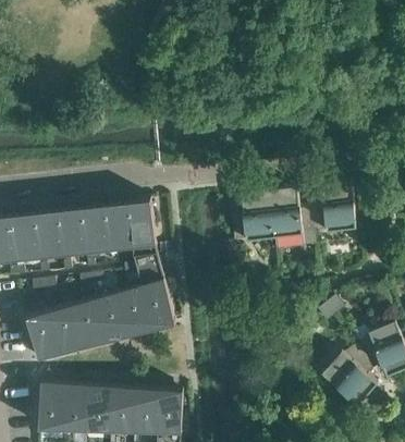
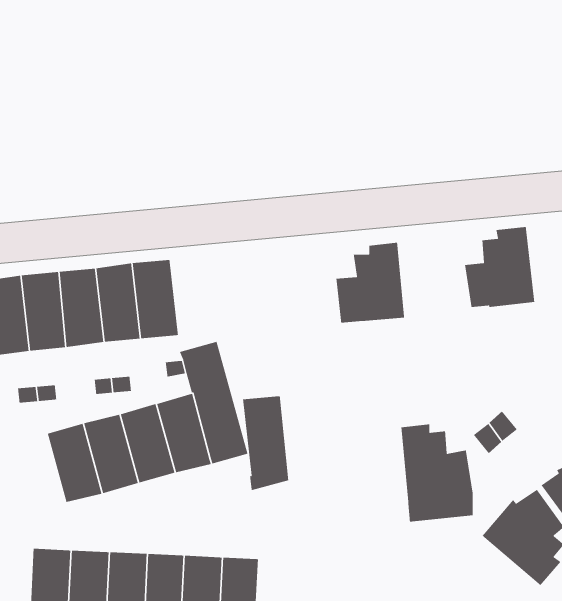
building: [269,188,315,250] -> [401,423,474,523]
building: [126,199,156,259] -> [242,395,289,491]
building: [26,310,61,360] -> none

